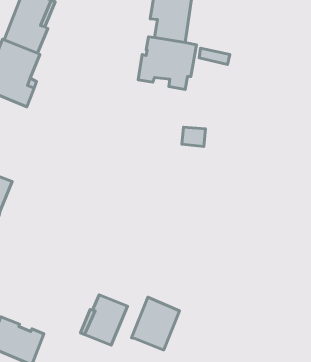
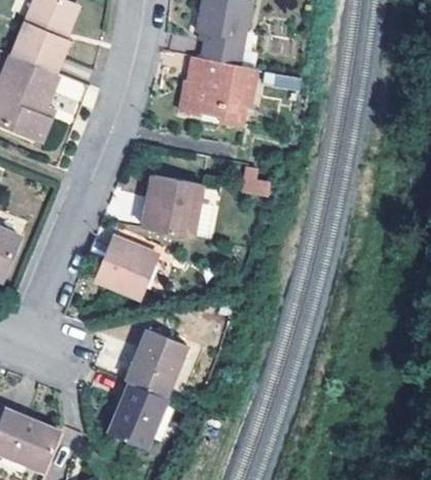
building: none -> [143,174,199,235]
building: none -> [87,236,157,298]
building: [131,297,179,350] -> [127,329,188,396]

